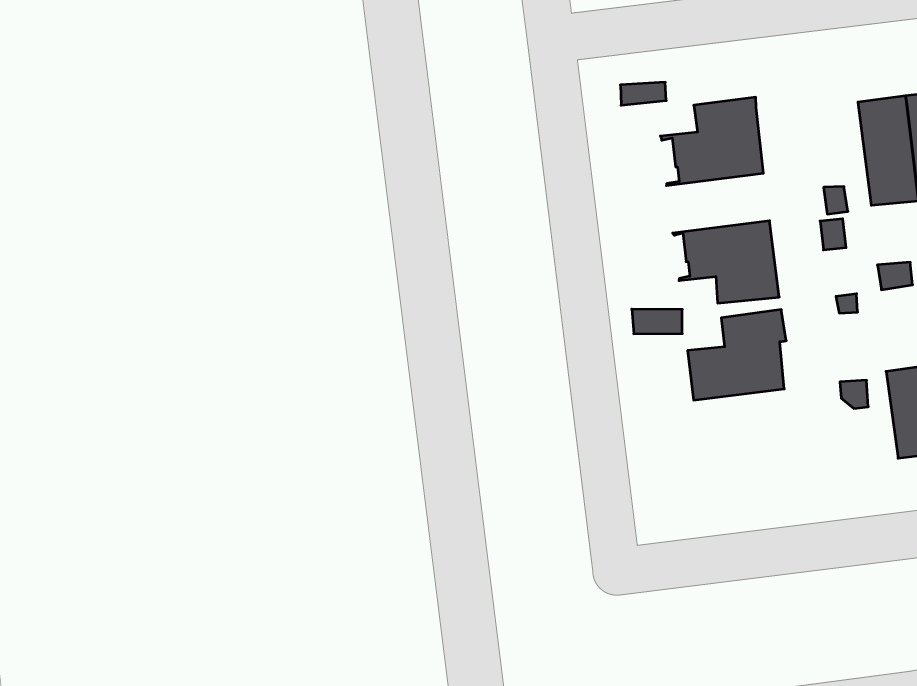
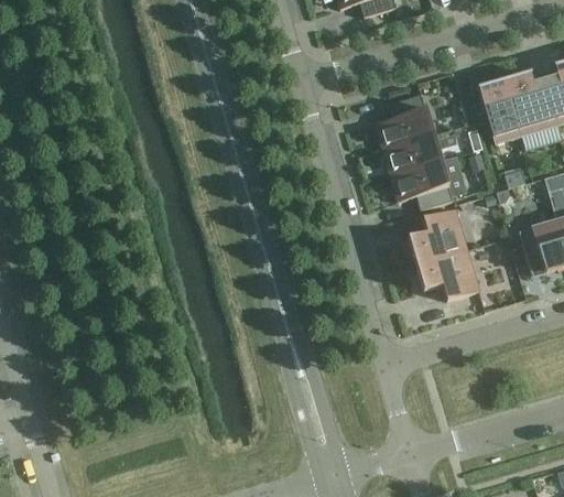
building: none -> [381,133,441,174]
building: none -> [415,249,479,299]

